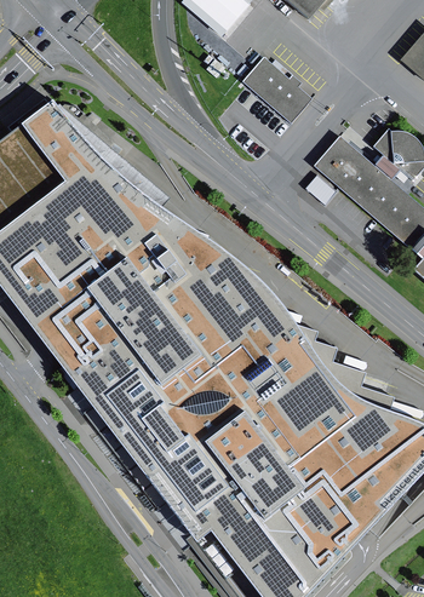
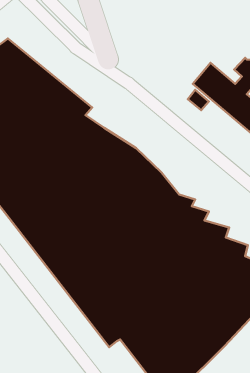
building: [242,54,313,121] -> none

